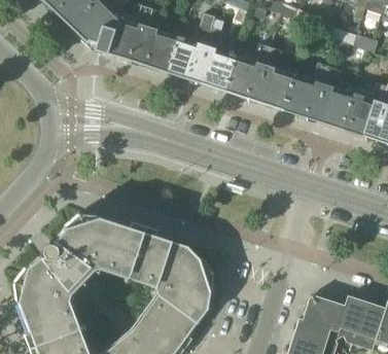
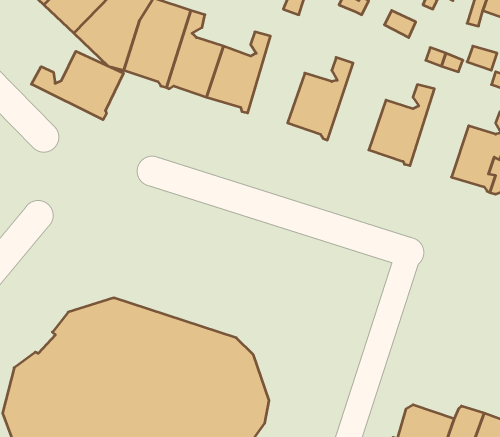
building: [196,20,237,91] -> none
building: none -> [31,51,123,120]
building: [253,47,295,110] -> none
building: [313,66,355,130] -> none

